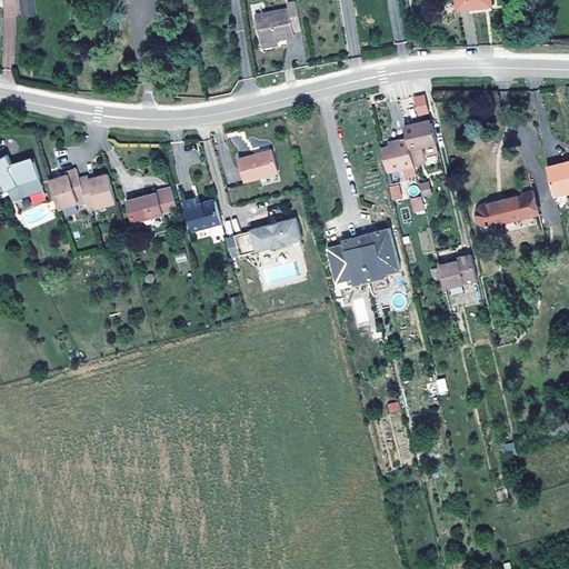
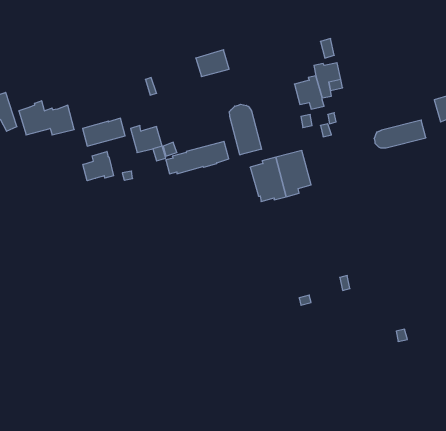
building: [237,149,277,181] -> [196,50,229,77]
building: none -> [229,104,262,155]
building: none -> [83,151,113,181]
building: [437,253,476,288] -> none

